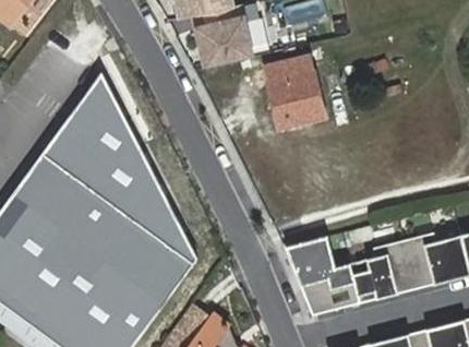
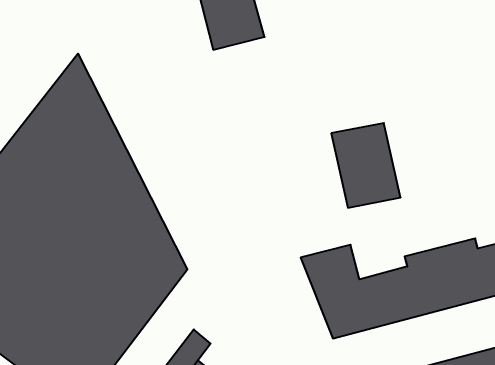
building: [269,57,328,129] -> [331,123,401,208]

